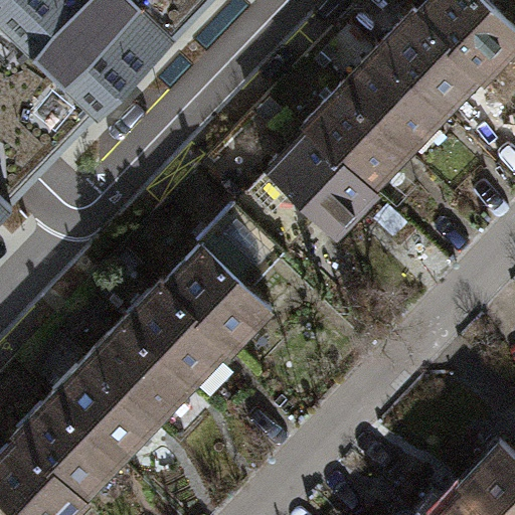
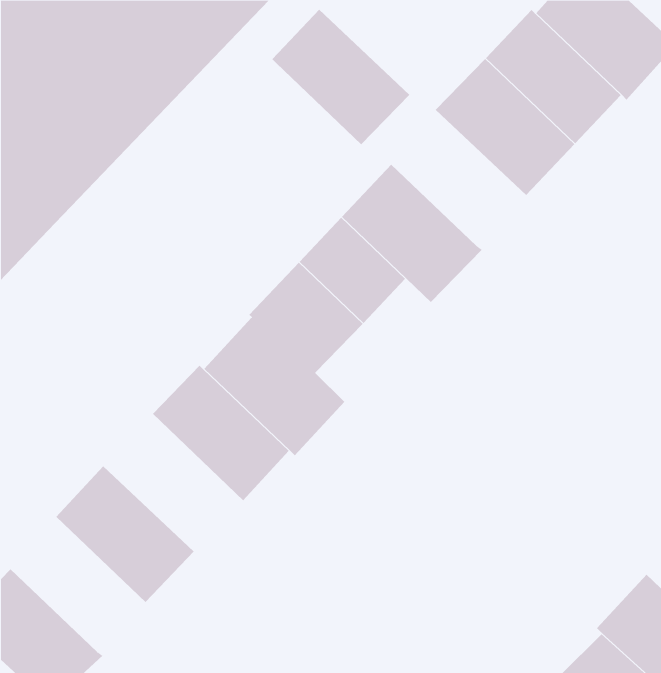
building: [306,85,411,189] -> [271,9,410,145]
building: [90,317,196,421] -> none
building: [17,395,122,498] -> none

